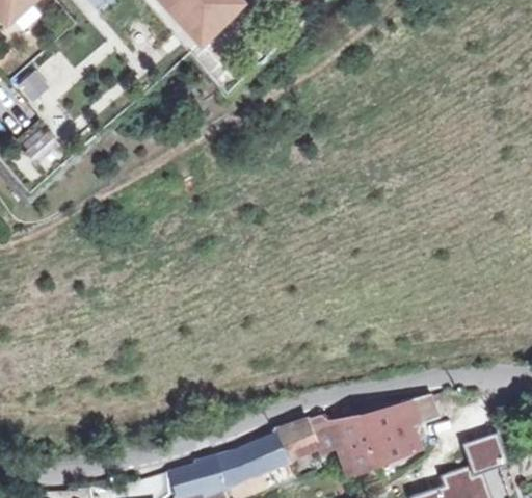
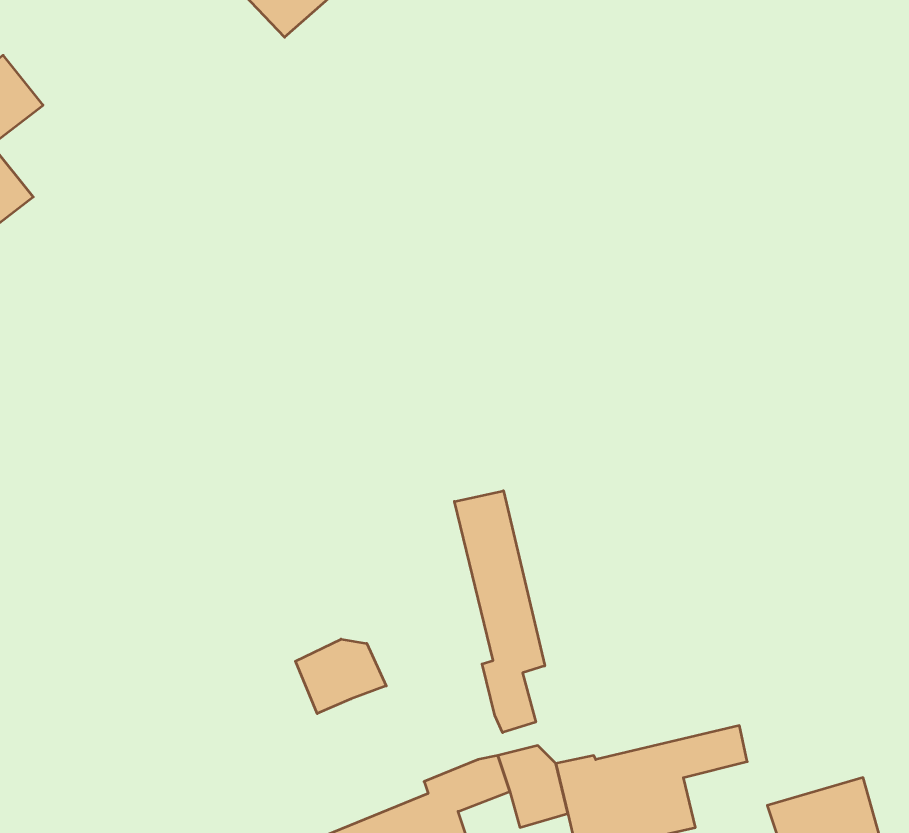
building: none -> [454,491,545,733]
building: none -> [295,639,386,714]

